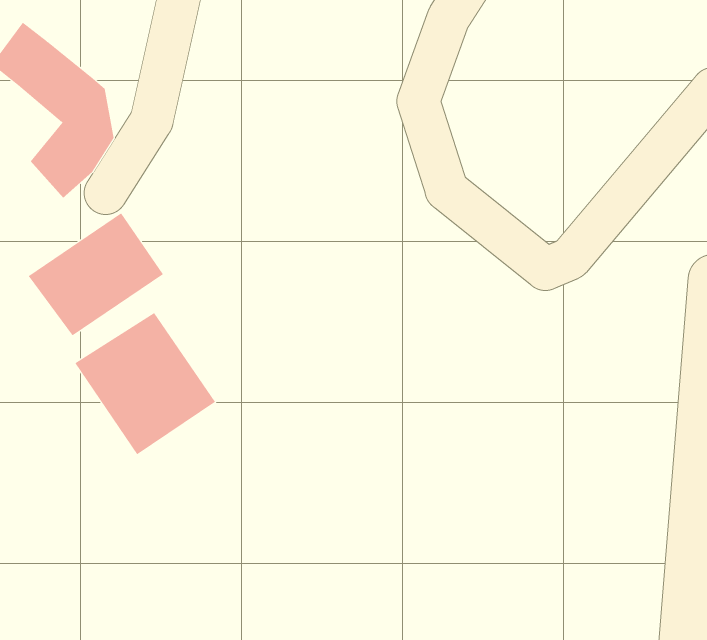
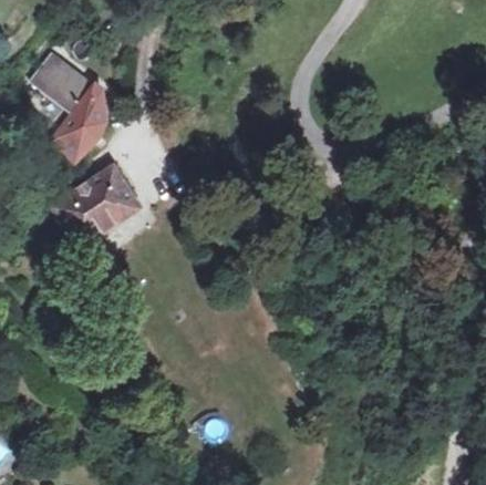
building: [75,312,216,455] -> none

